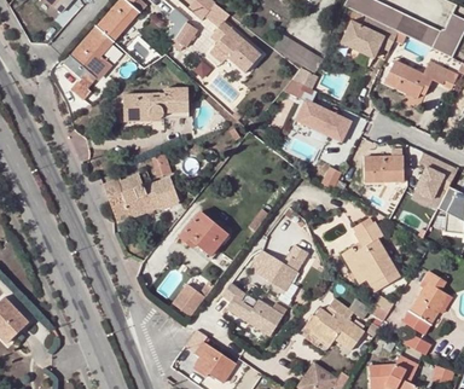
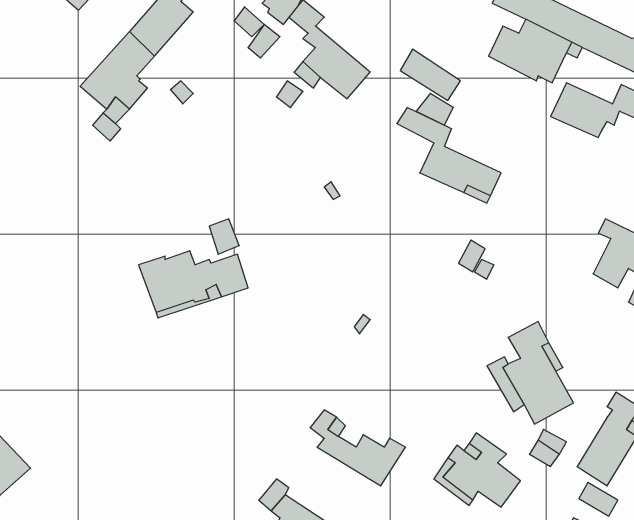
building: [123,89,188,121] -> none
building: [364,150,404,185] -> none
building: [179,213,227,256] -> none
building: [250,245,308,291] -> none
building: [175,280,209,315] -> none

